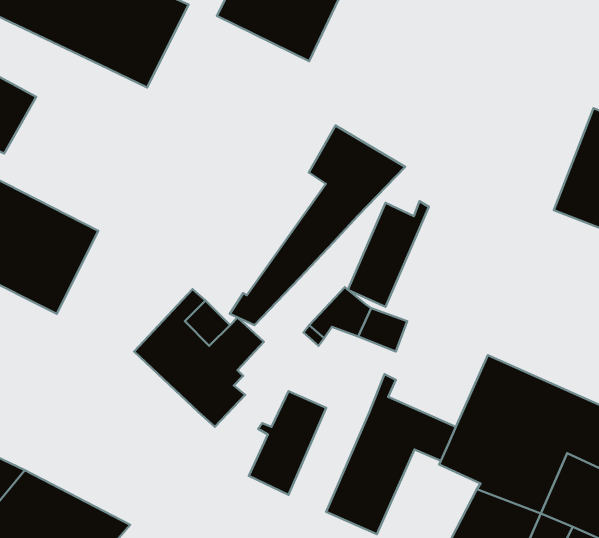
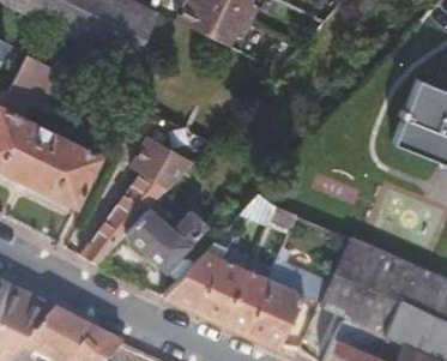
building: [230,125,405,325] -> [80,134,192,261]
building: [348,201,429,307] -> [223,266,274,333]
building: none -> [162,248,223,311]

